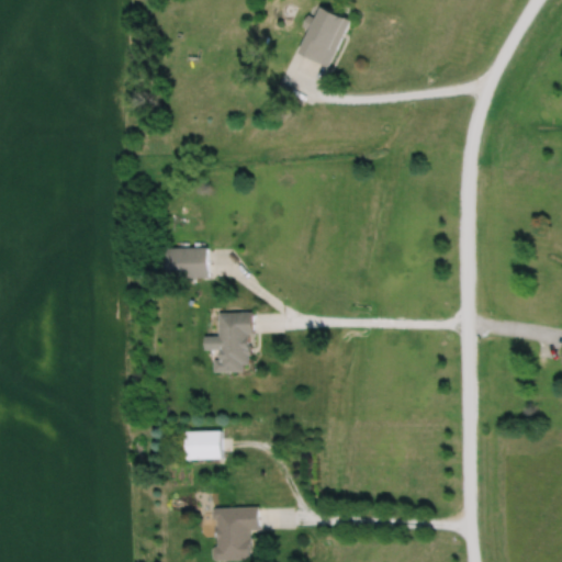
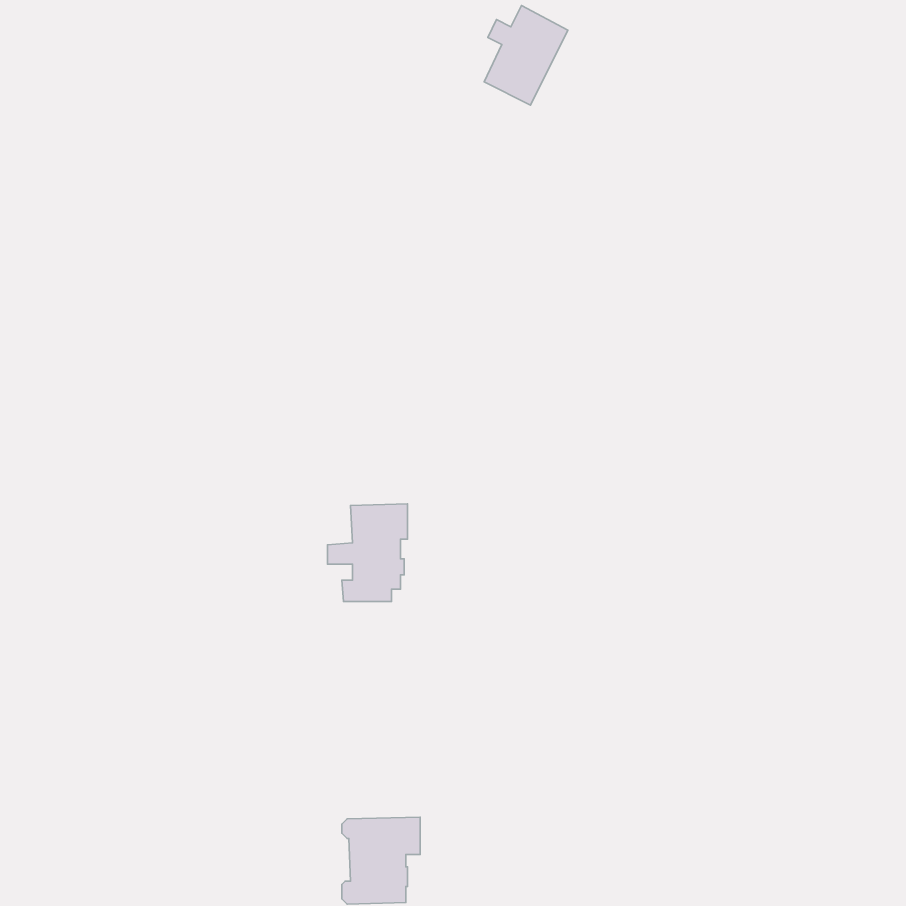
building: [164,248,206,279] -> none
building: [184,429,221,459] -> none

